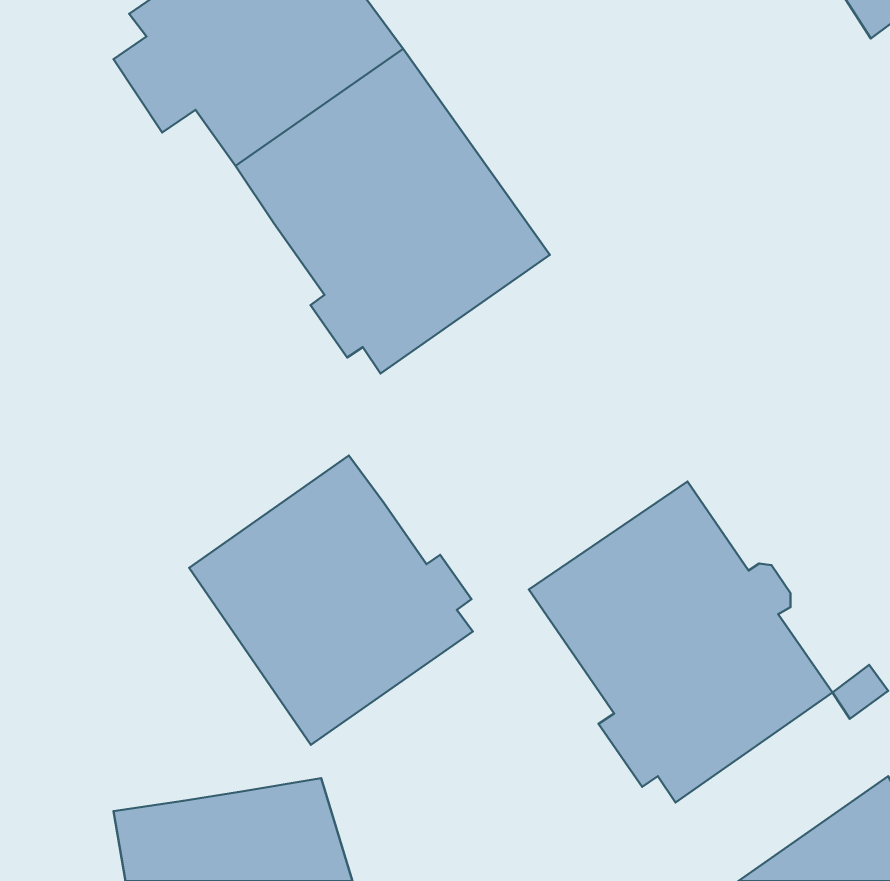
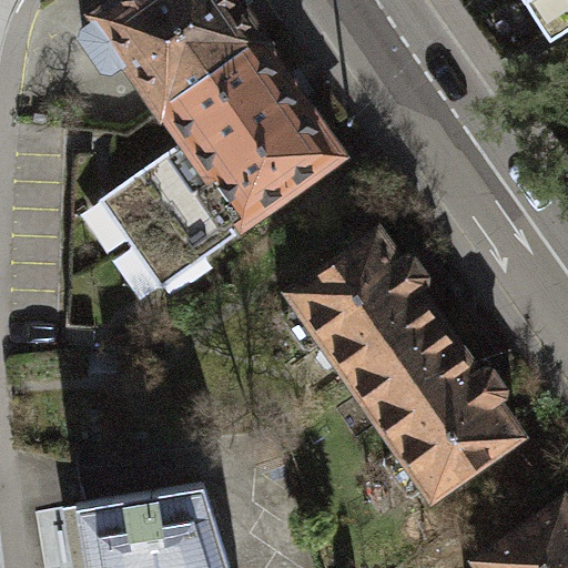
building: none -> [95,142,231,290]
building: none -> [277,223,438,375]
building: [189,456,473,745] -> none

